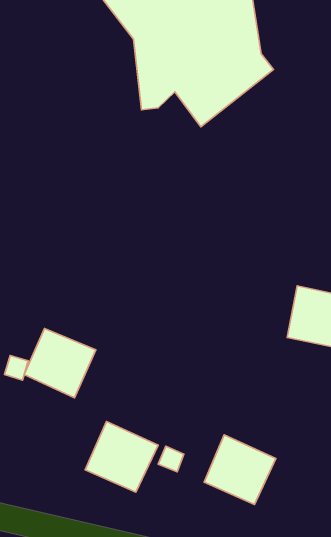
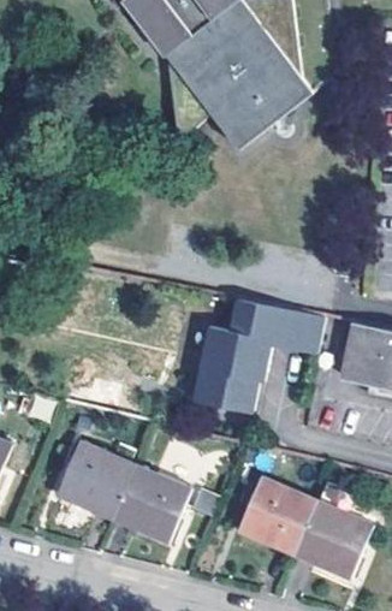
building: none -> [195,299,326,410]
building: [24,328,96,398] -> [58,443,135,517]
building: none -> [293,484,370,580]

